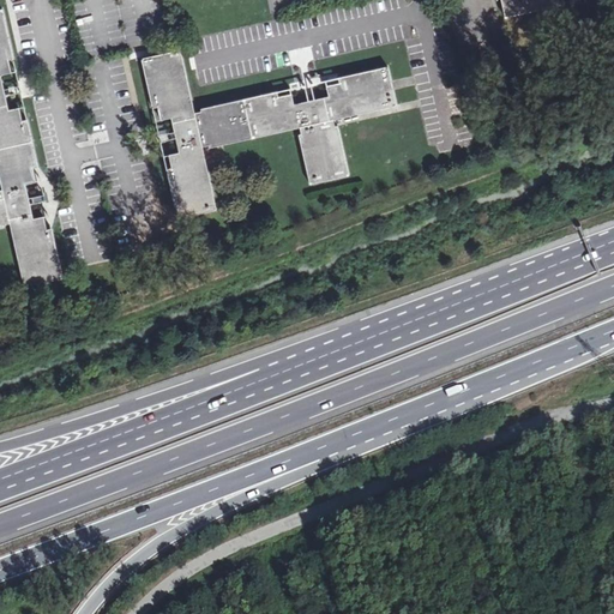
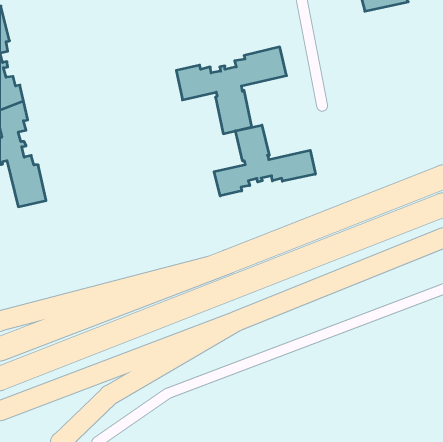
building: [139,48,252,217] -> none
building: none -> [214,125,315,196]

